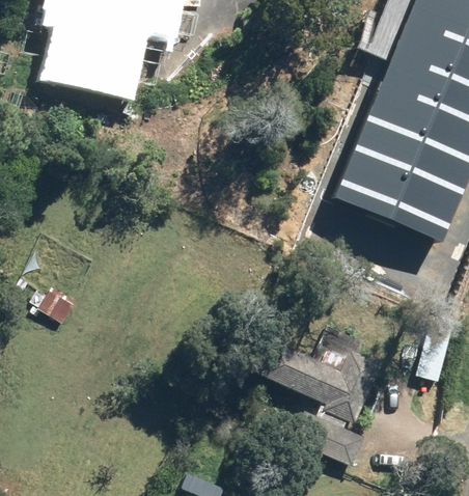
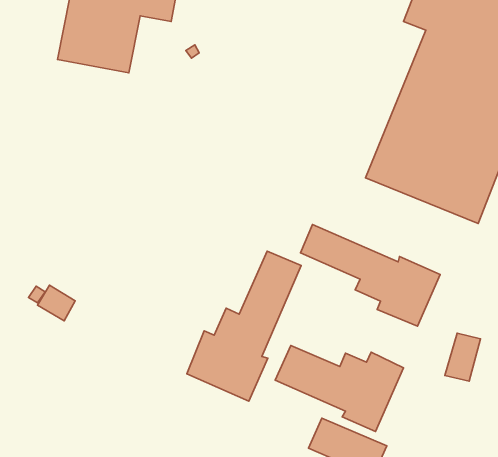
building: none -> [301,224,440,326]
building: none -> [187,251,301,401]

